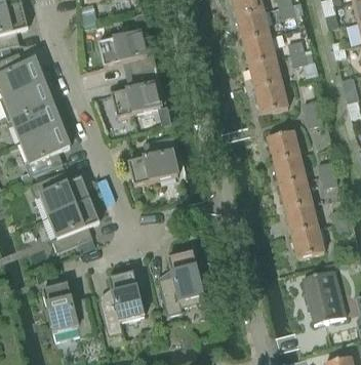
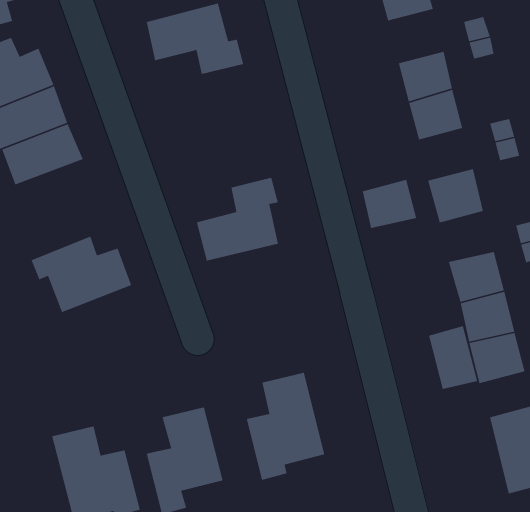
building: [242,35,276,67] -> none
building: [111,68,161,117] -> none
building: [21,124,70,175] -> none
building: [273,155,306,185] -> [362,179,417,229]
building: [48,199,99,251] -> none
building: none -> [428,325,478,390]

